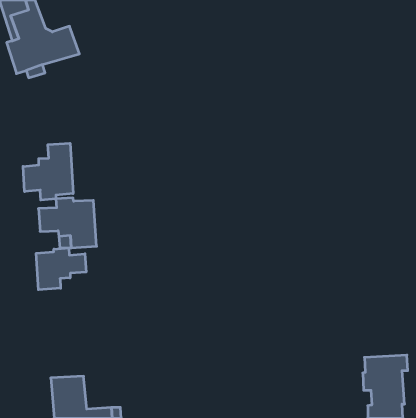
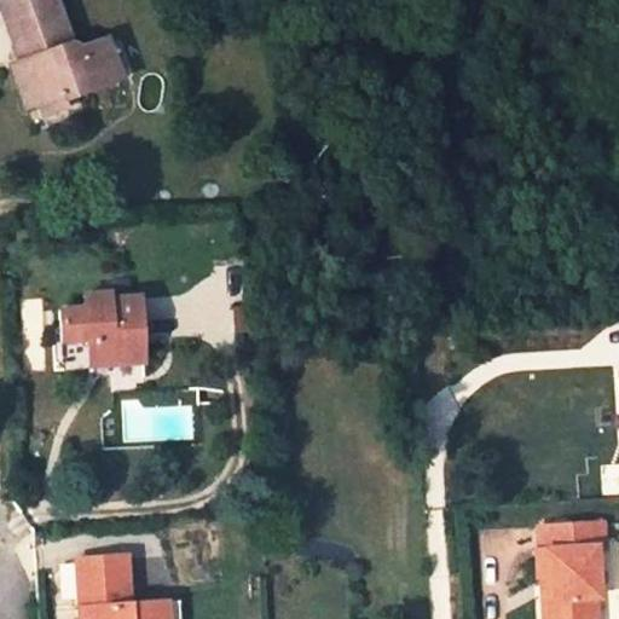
building: [23,143,73,200] -> none
building: [36,248,86,290] -> none

